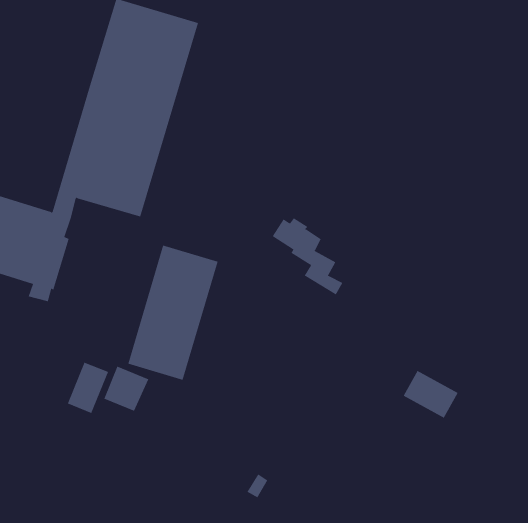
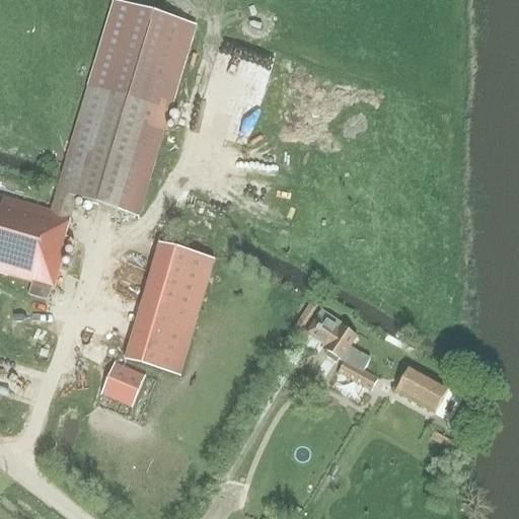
building: [272,218,343,295] -> [307,311,377,387]
building: [67,362,109,414] -> none

